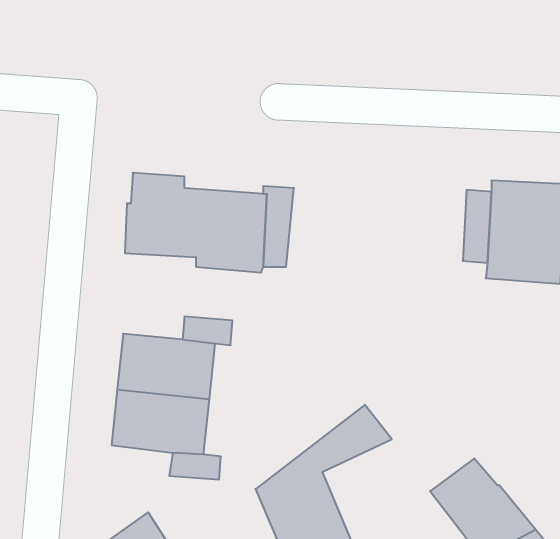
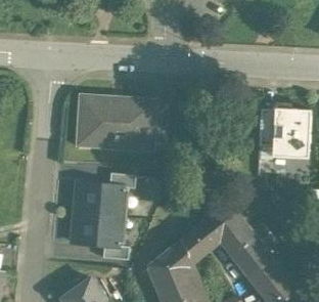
building: none -> [206,203,273,266]

